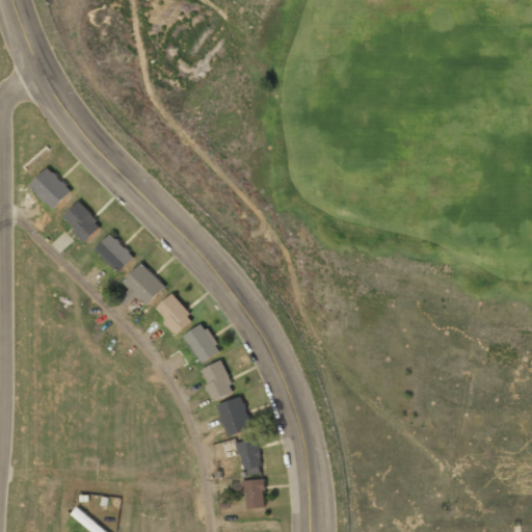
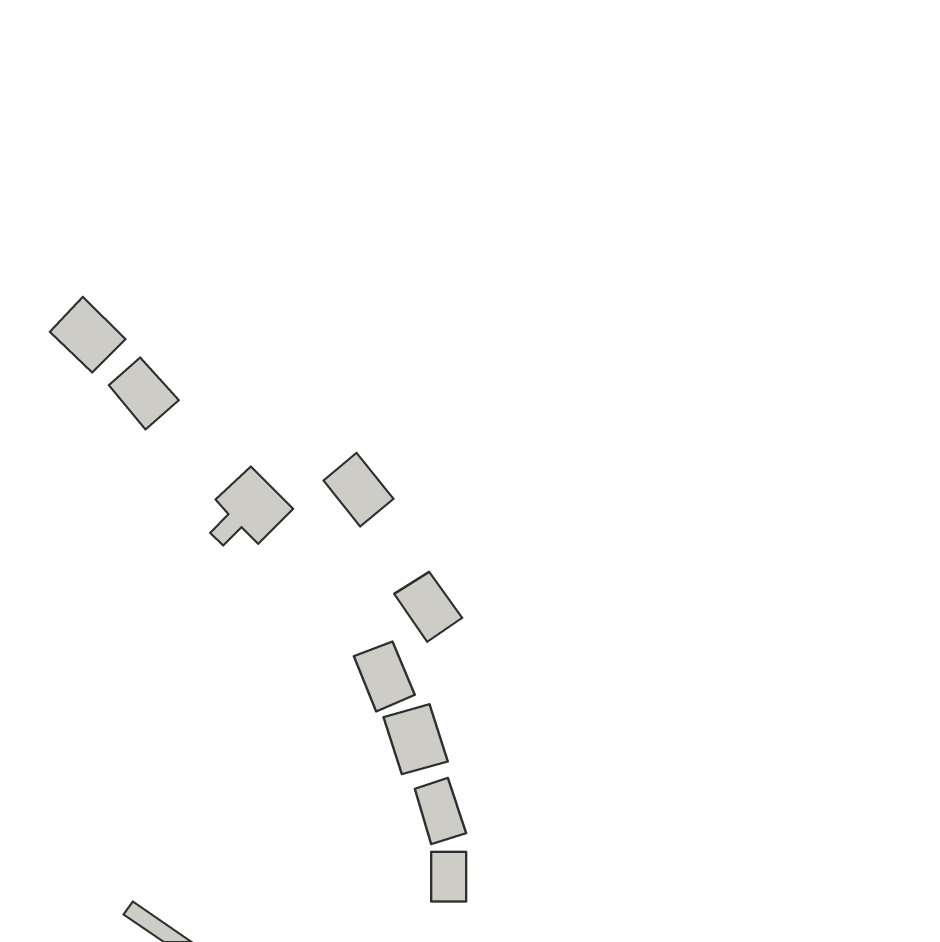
building: [94,233,134,273] -> none
building: [154,294,193,336] -> [323,453,393,527]
building: [182,324,220,364] -> [394,572,462,642]

